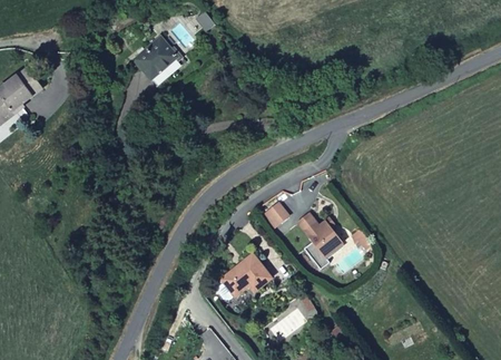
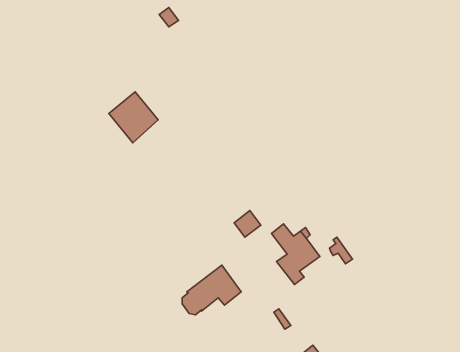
building: [136,40,181,87] -> [109,92,158,143]

